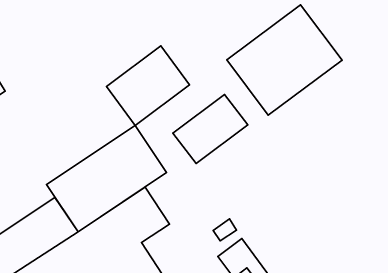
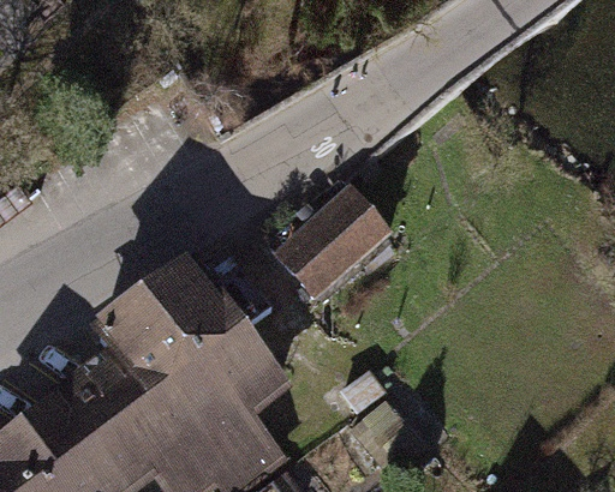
building: [227,5,342,115] -> none
building: [106,46,190,125] -> none

